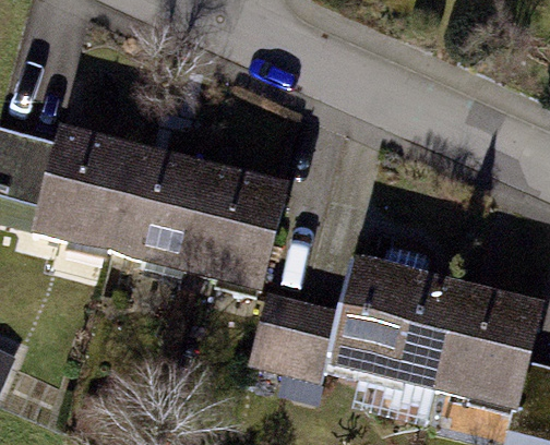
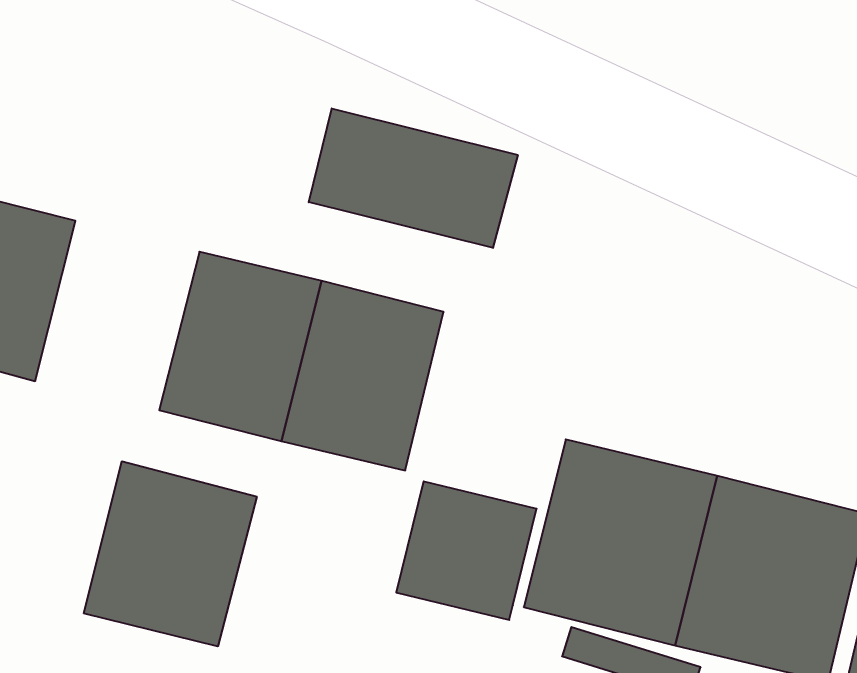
building: none -> [309,108,518,248]
building: [39,134,138,248] -> none
building: none -> [84,461,257,646]

